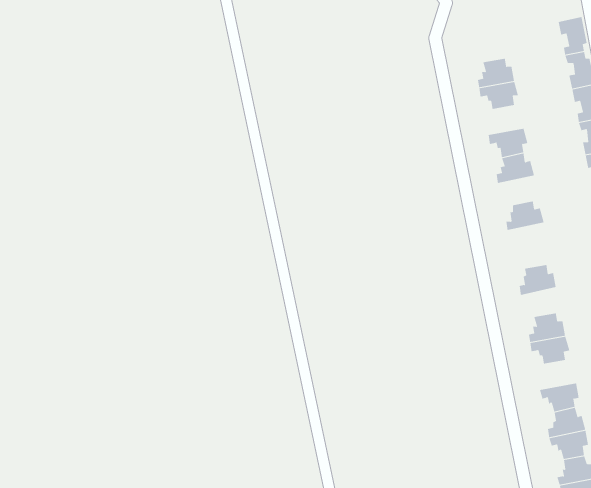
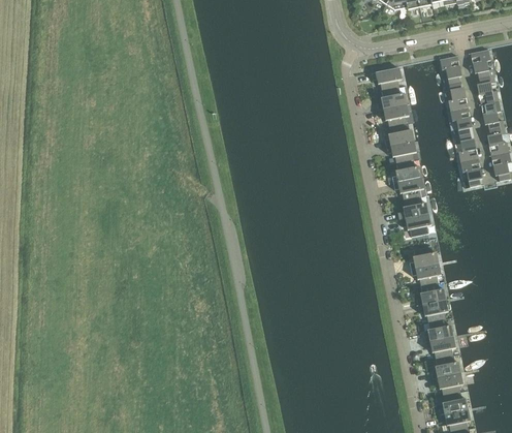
building: none -> [372,67,402,90]
building: none -> [385,123,414,146]
building: none -> [393,177,424,199]
building: none -> [401,213,431,237]
building: none -> [411,262,442,285]
building: none -> [424,318,454,341]

